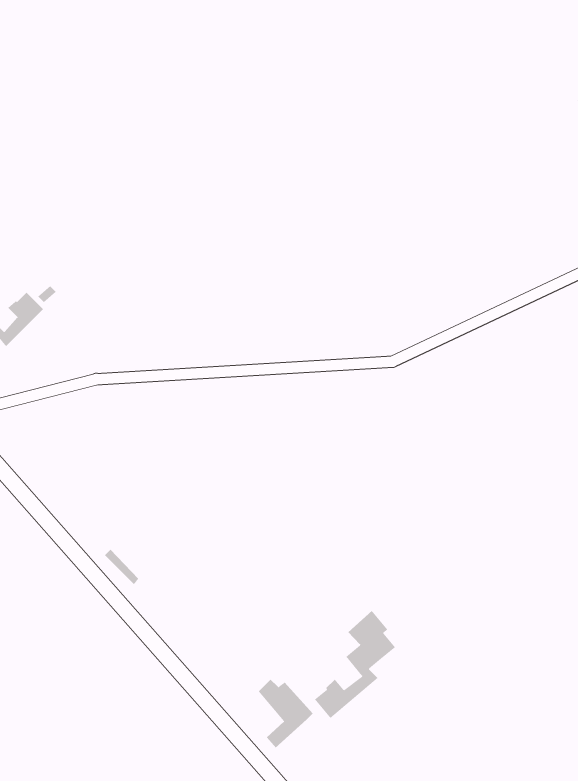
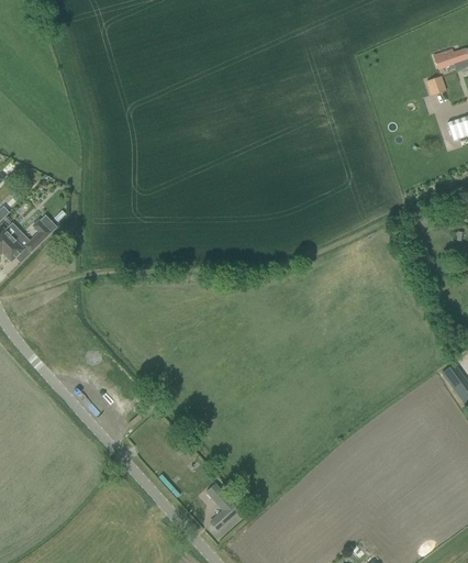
building: [314,610,396,719] -> none

